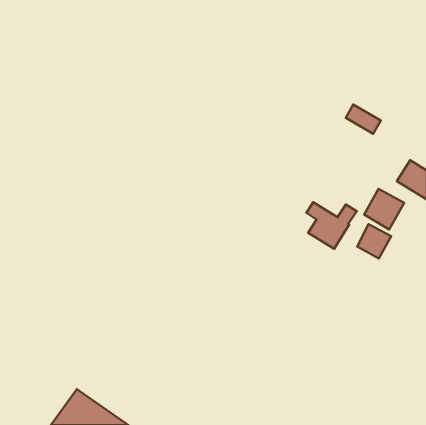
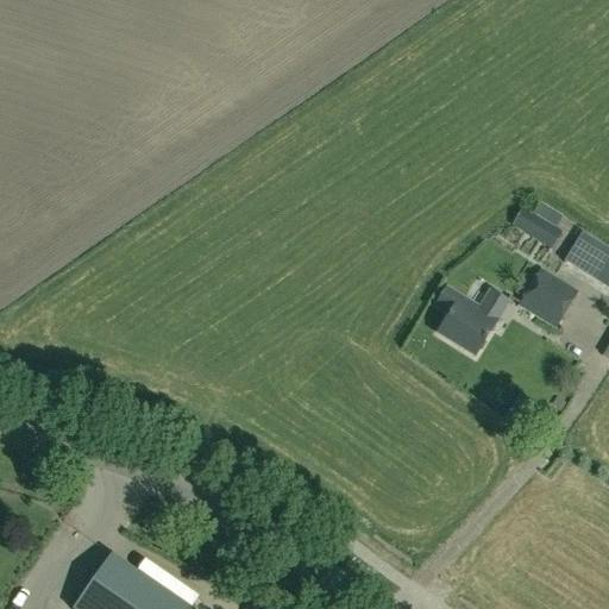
building: [346,105,381,134] -> [514,207,564,249]
building: [357,224,391,258] -> none

